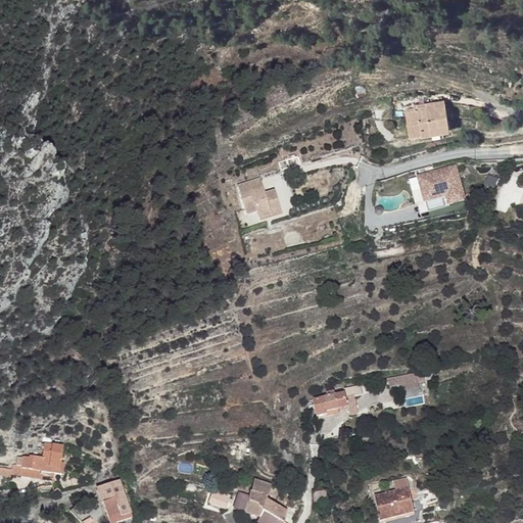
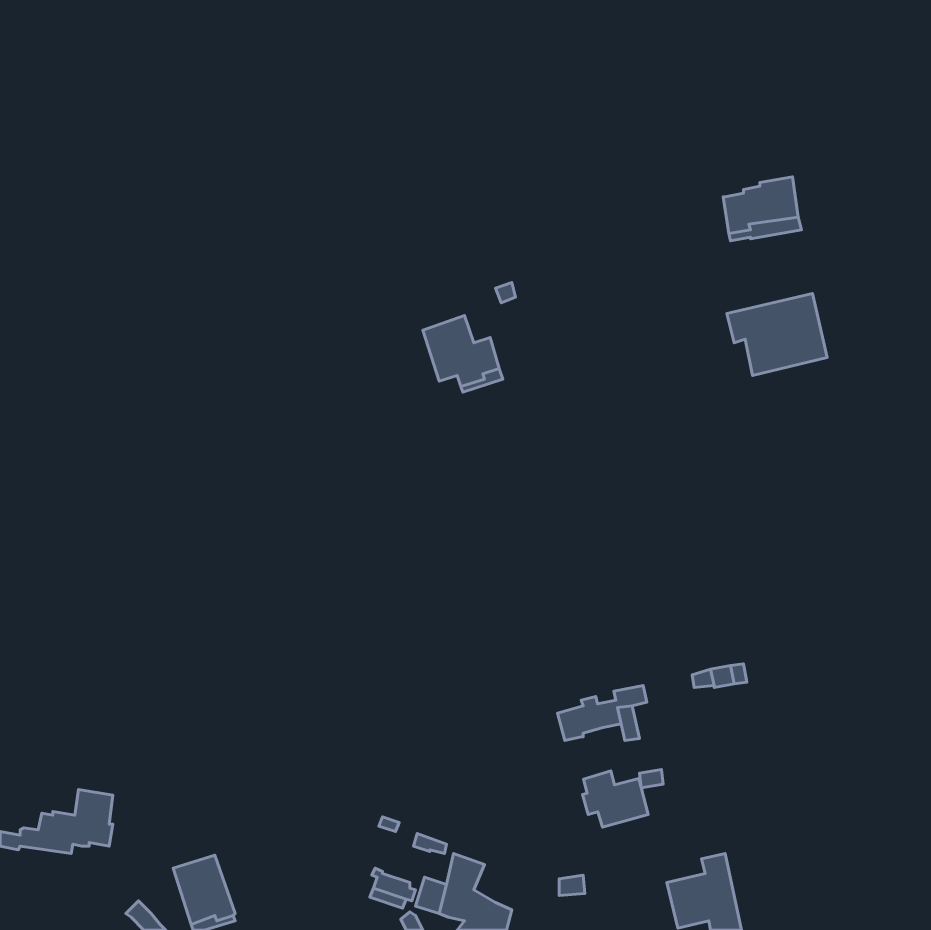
building: none -> [582,771,648,827]

